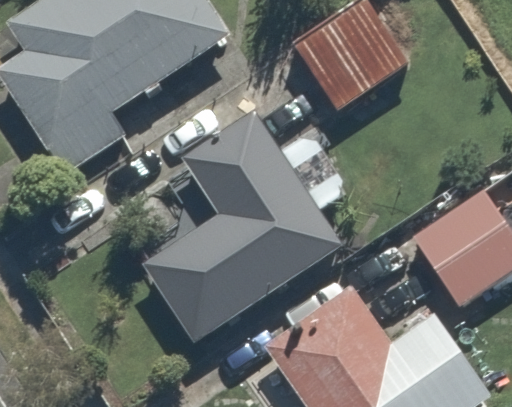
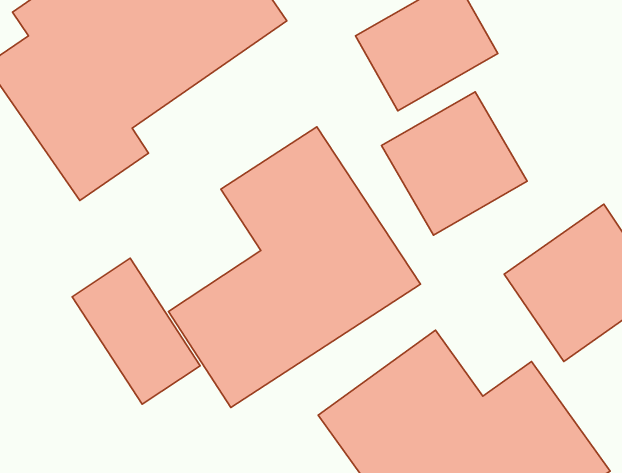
building: none -> [382,92,527,235]
building: none -> [72,258,200,404]

